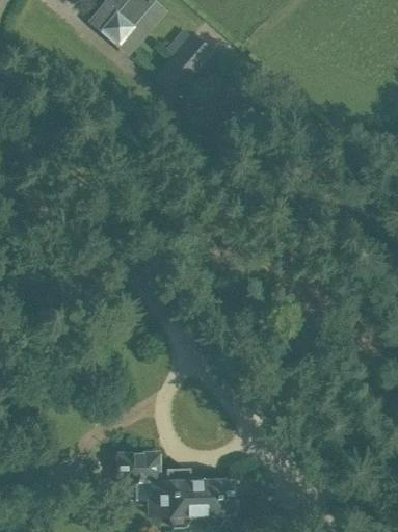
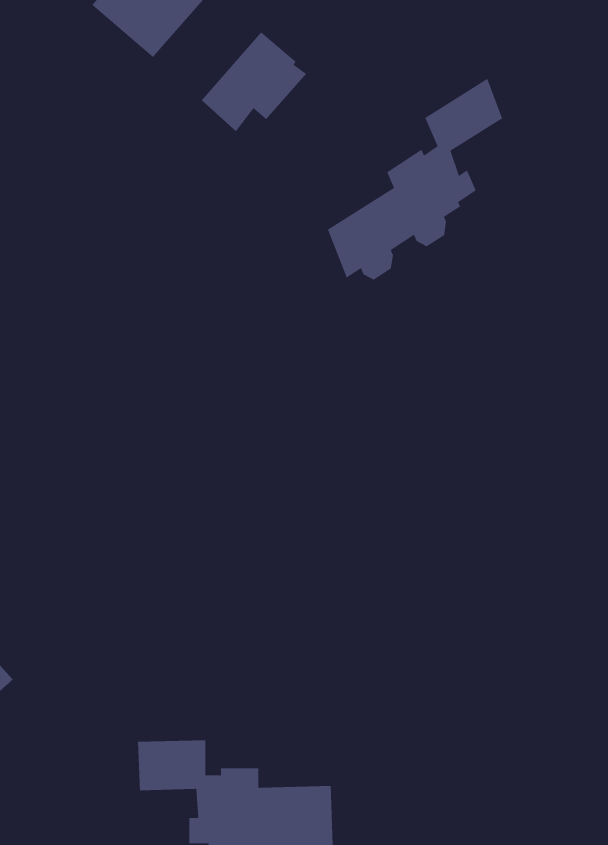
building: none -> [327,78,503,281]

